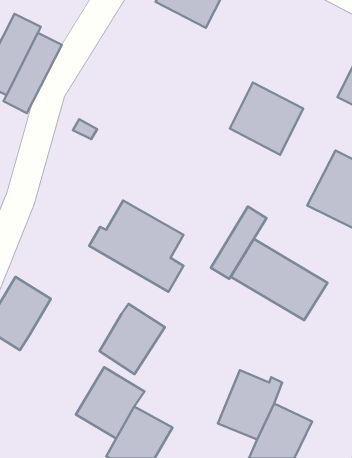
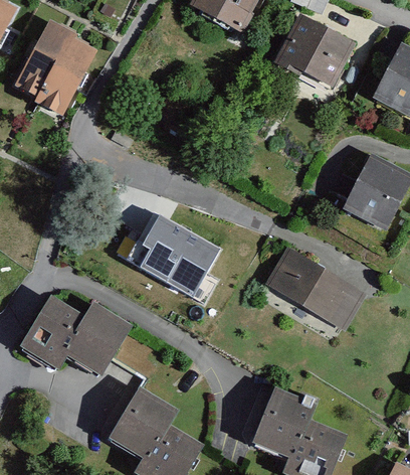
building: [230,82,303,155] -> [277,20,351,93]
building: [211,207,267,279] -> none
building: [99,304,165,374] -> [62,299,128,369]

